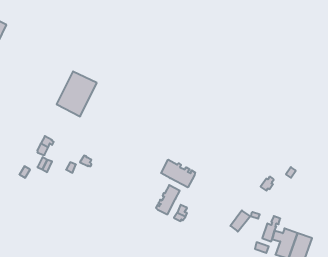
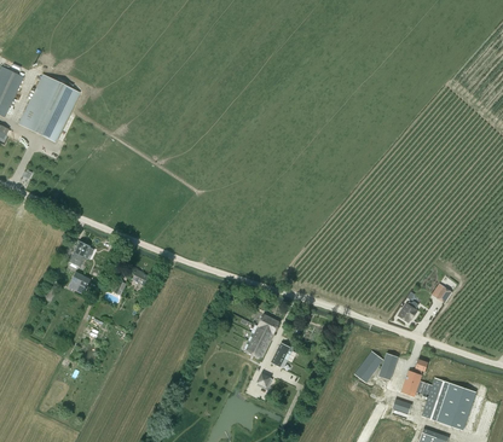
building: [57,71,97,116] -> [19,75,79,141]
building: [161,160,195,187] -> none

